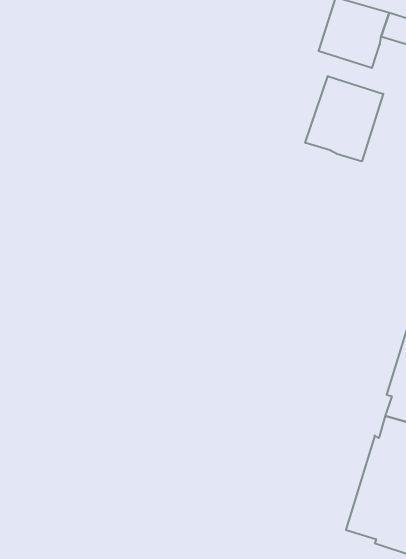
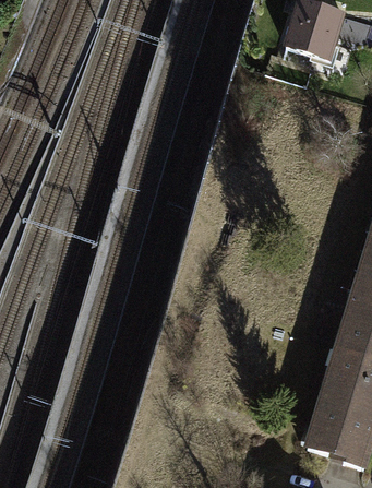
building: [305,76,383,161] -> none

